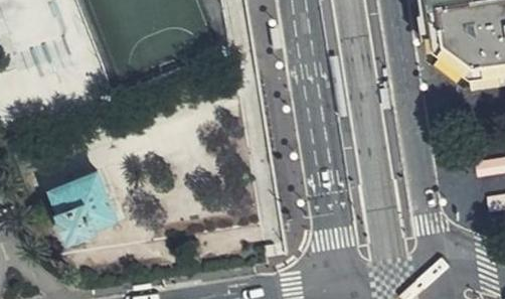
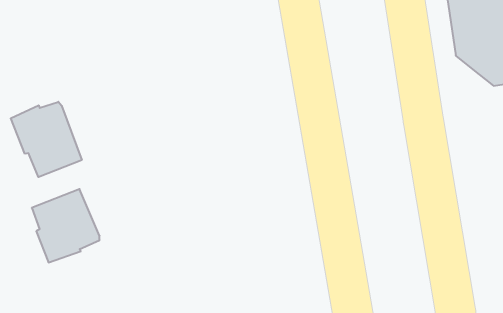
building: none -> [11,102,82,177]

